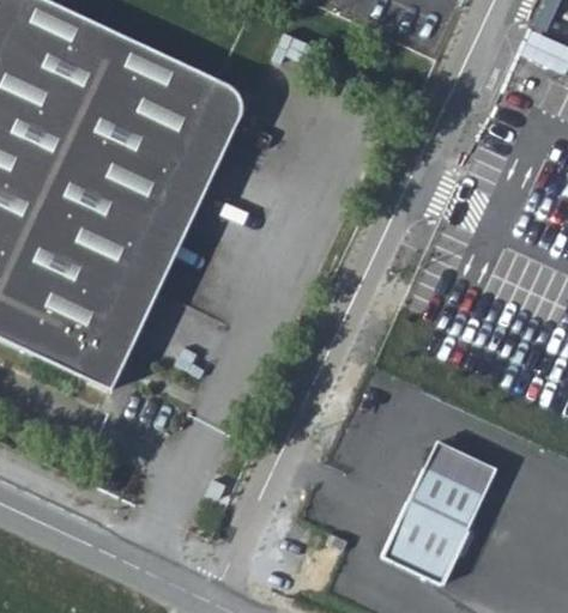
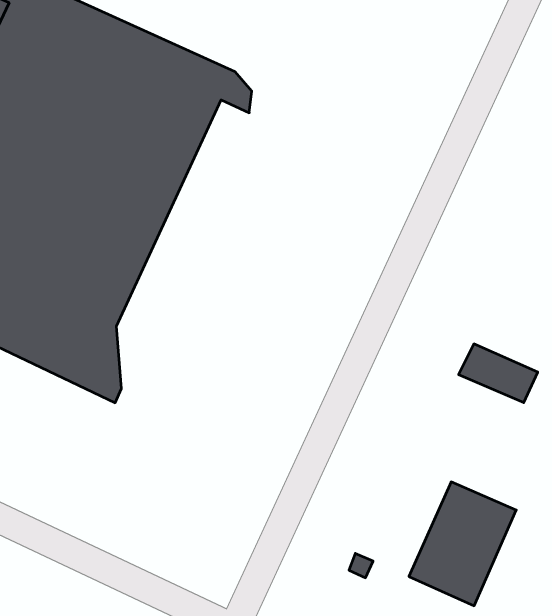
building: [110,107,235,377] -> none
building: [424,436,498,491] -> [459,344,538,403]

